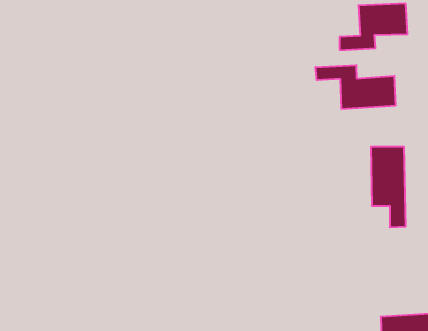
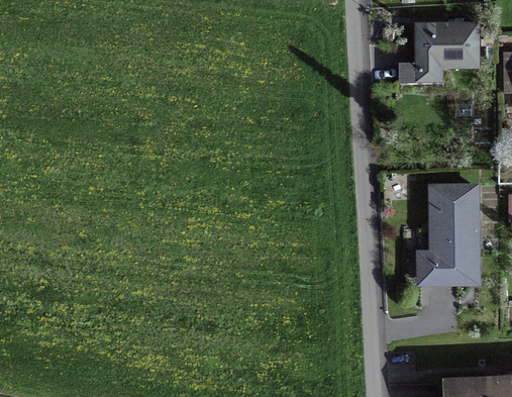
building: [316,65,395,109] -> none
building: none -> [417,255,455,280]

